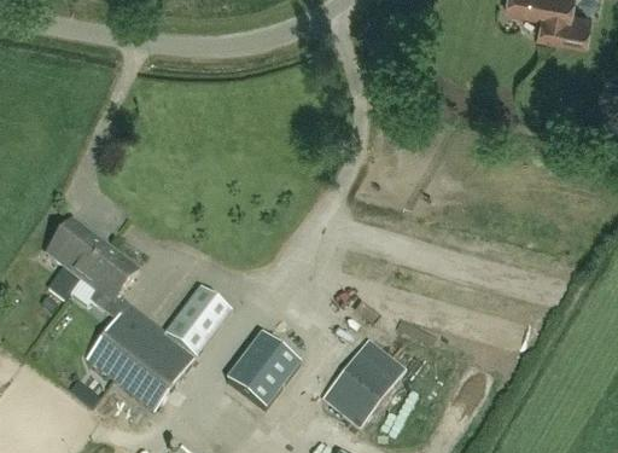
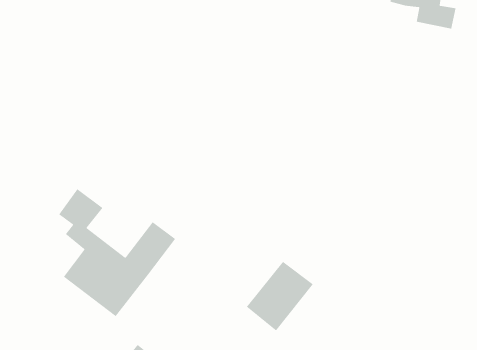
building: [47,220,105,278] -> none
building: [227,332,301,408] -> none

